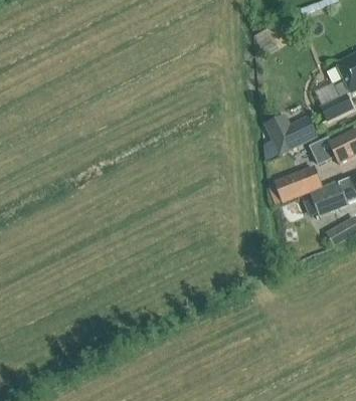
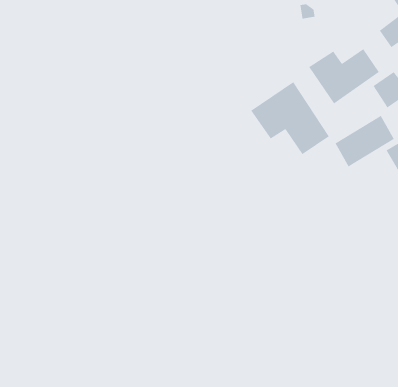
building: none -> [250,81,330,155]

